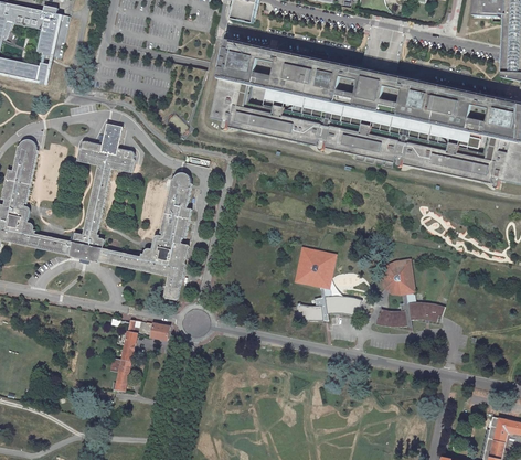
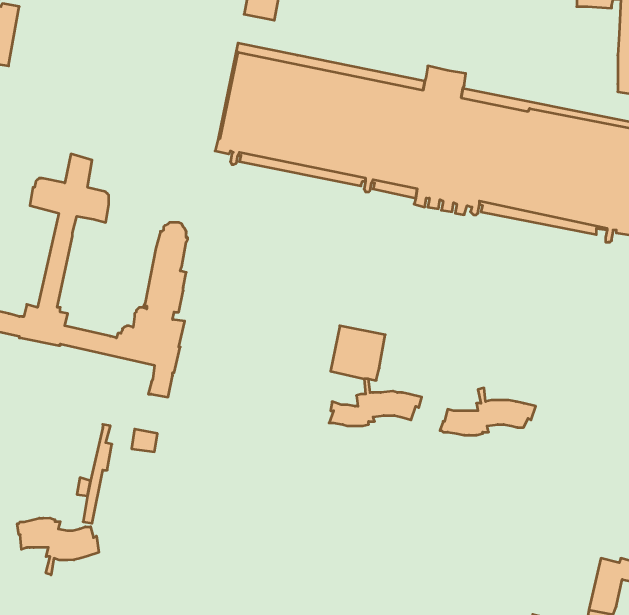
building: [382,258,415,293] -> none
building: none -> [17,518,99,575]

